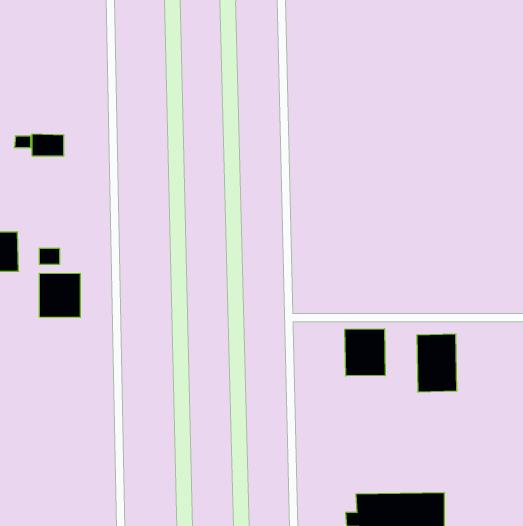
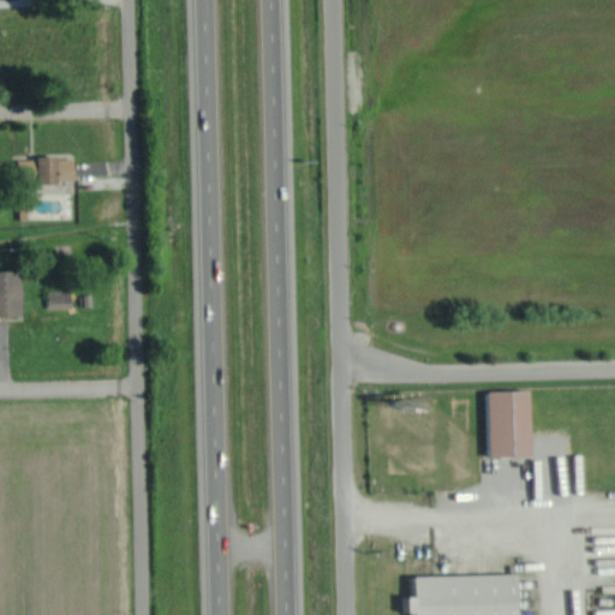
building: [40,273,80,317] -> none
building: [345,329,385,376] -> none

